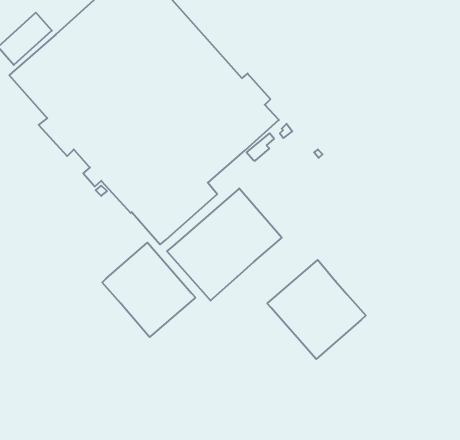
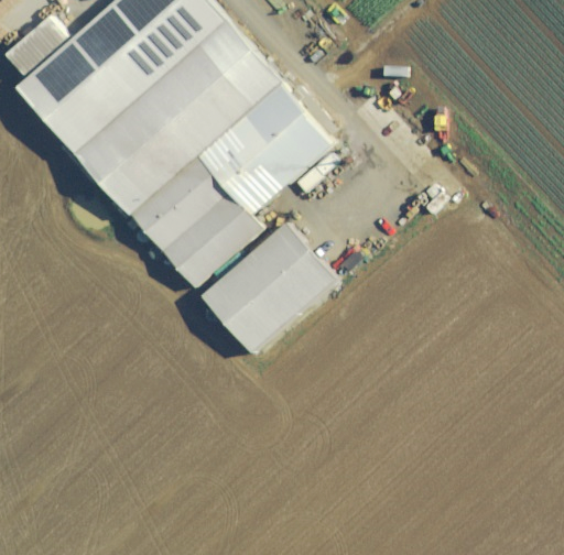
building: [102,243,195,337] -> none
building: [267,260,366,359] -> none

